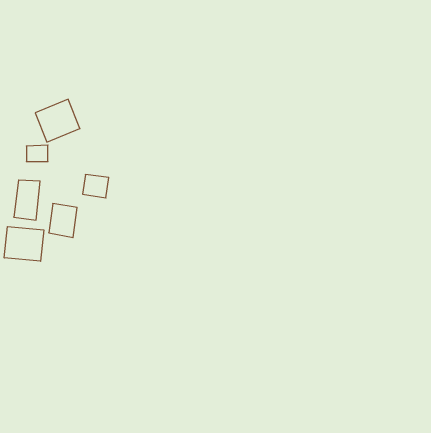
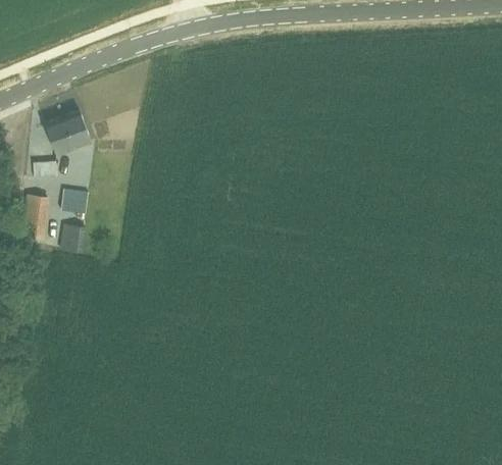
building: [83,175,109,198] -> [60,189,88,213]
building: [4,227,44,261] -> none

